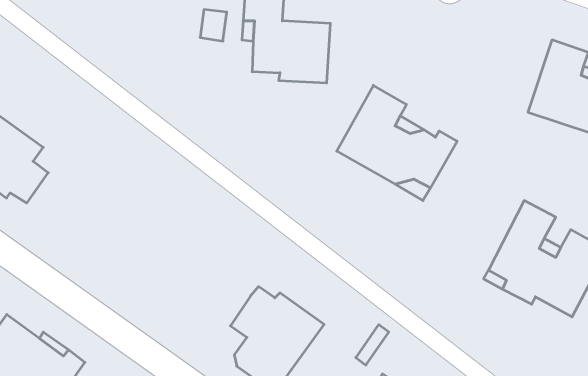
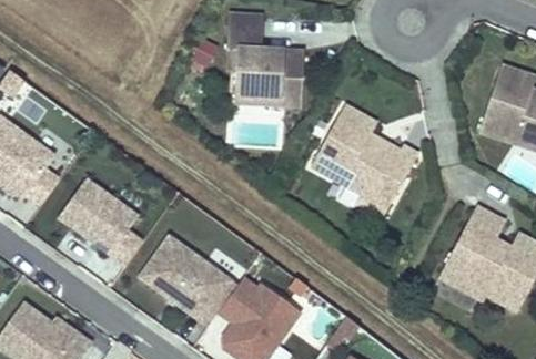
building: none -> [58,180,142,266]
building: none -> [140,237,236,326]

